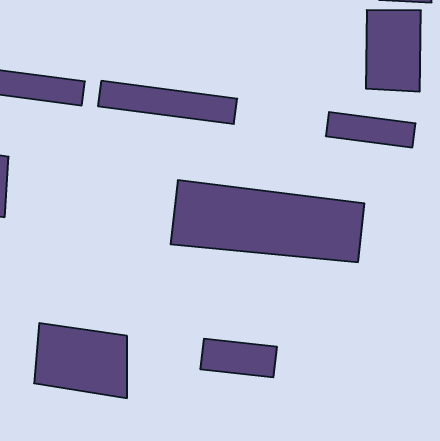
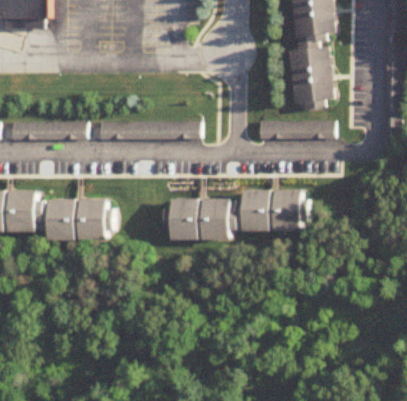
building: [34,323,127,398] -> [42,193,114,240]
building: [201,339,277,377] -> none

